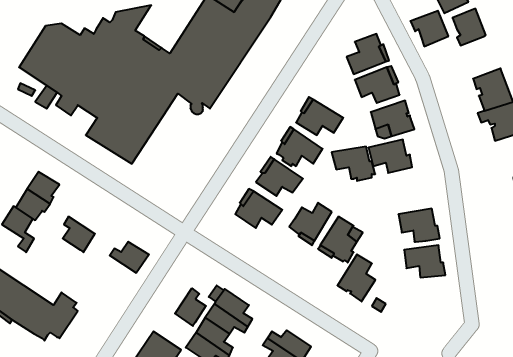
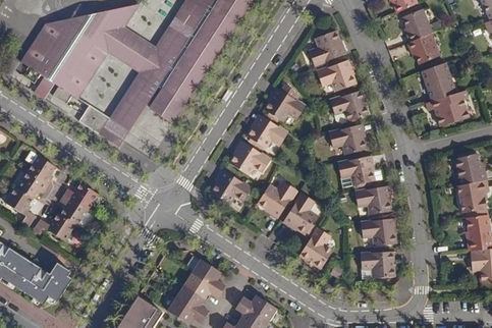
building: [410,11,448,46] -> [406,33,440,64]
building: none -> [56,11,104,32]
building: none -> [146,84,187,121]
building: [332,147,375,181] -> [336,157,375,187]
building: none -> [32,211,72,238]
building: [110,242,149,273] -> [62,180,97,208]
building: none -> [361,251,394,279]
building: [175,288,206,326] -> none

